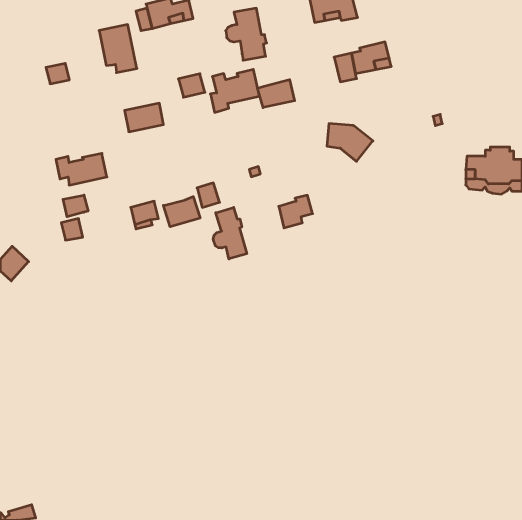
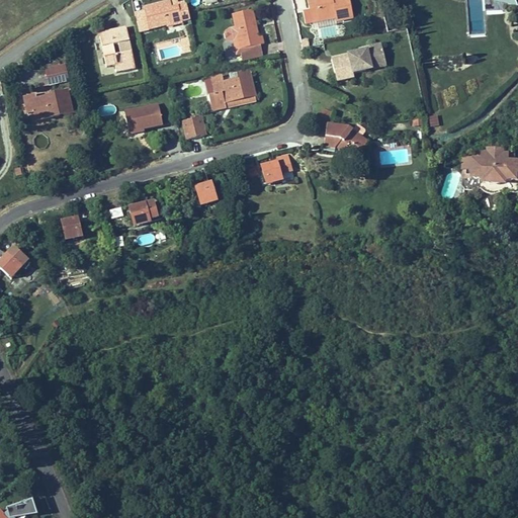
building: [178,74,205,97] -> [180,114,206,138]
building: [258,80,295,108] -> none
building: [56,153,107,185] -> [22,88,73,119]
building: [63,195,88,217] -> none
building: [279,195,313,228] -> [260,153,293,185]
building: [163,197,200,227] -> none
building: [213,207,247,259] -> none

